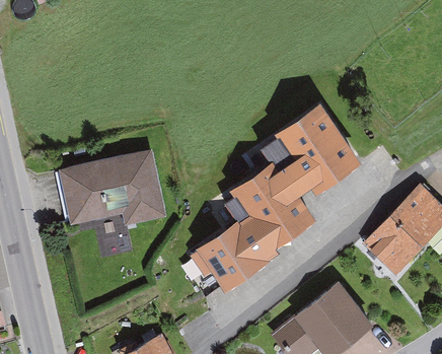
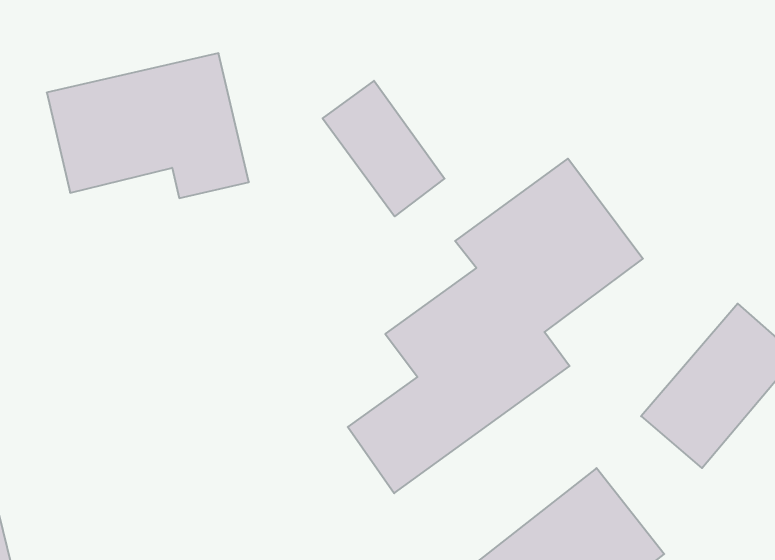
building: none -> [323,81,445,216]
building: [53,148,167,230] -> [47,53,249,198]

